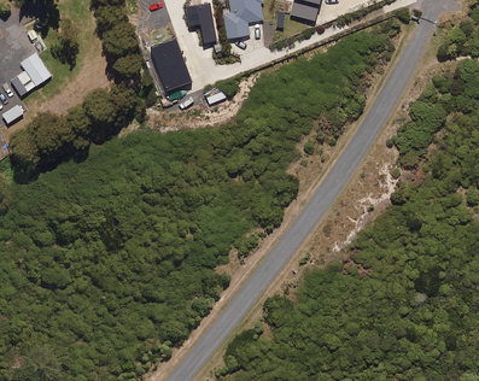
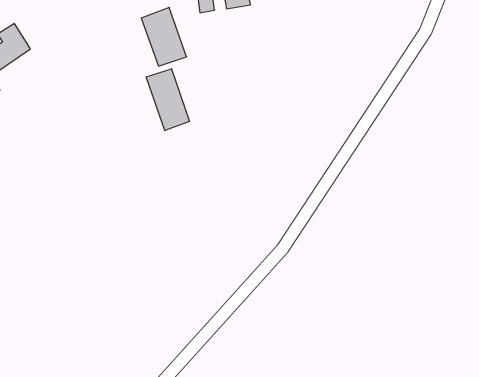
building: none -> [146,69,190,131]

